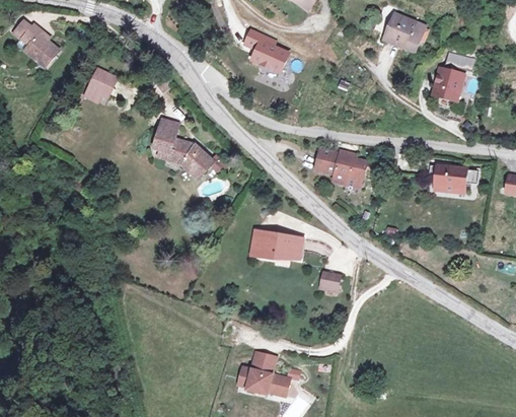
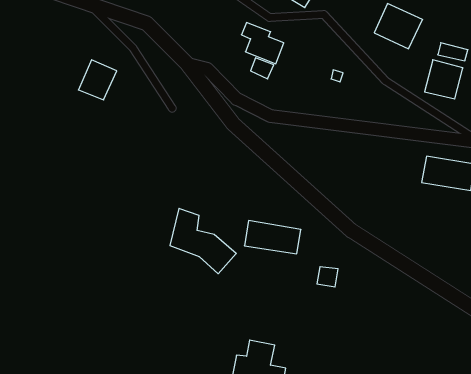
building: [8,16,65,71] -> none
building: [151,116,218,182] -> [170,208,236,274]
building: [315,147,368,190] -> none

